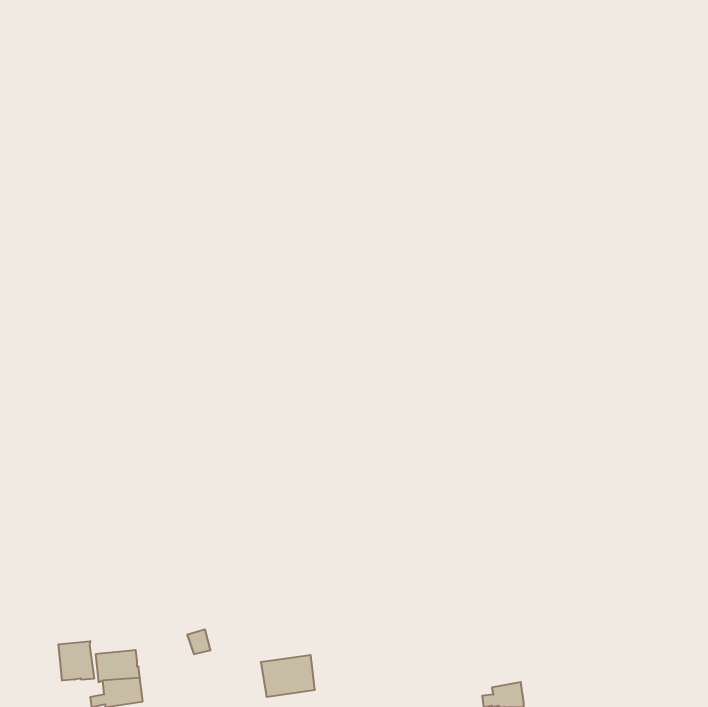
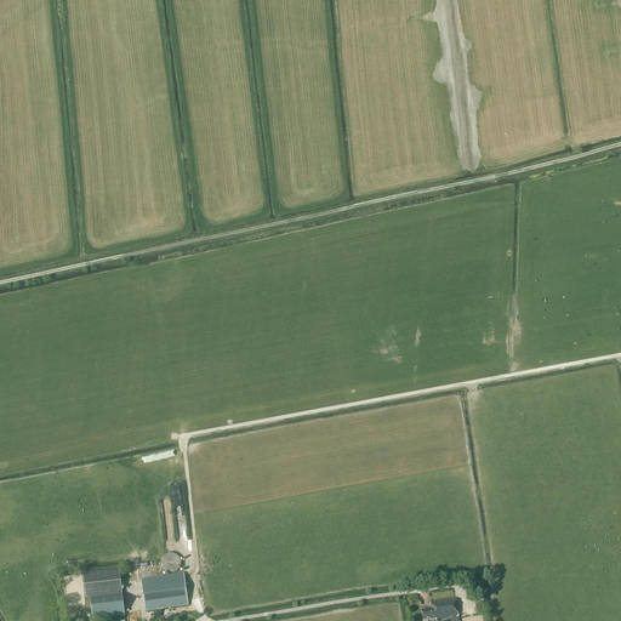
building: [59,641,94,681] -> none
building: [261,655,315,697] -> [141,572,188,609]

